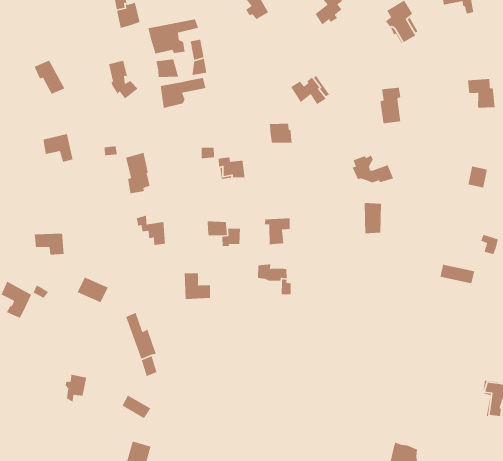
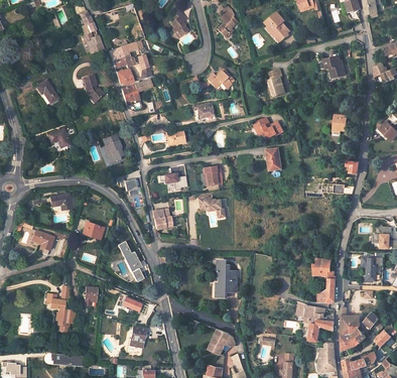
building: none -> [217,261,237,297]
building: none -> [44,287,75,333]
building: none -> [312,258,336,303]

